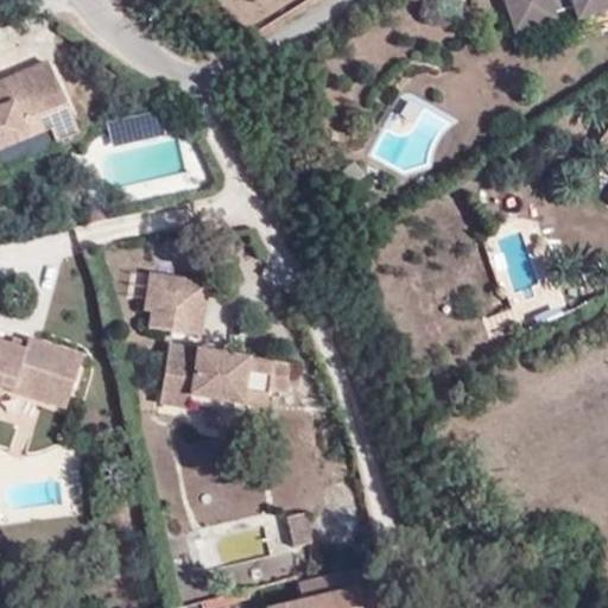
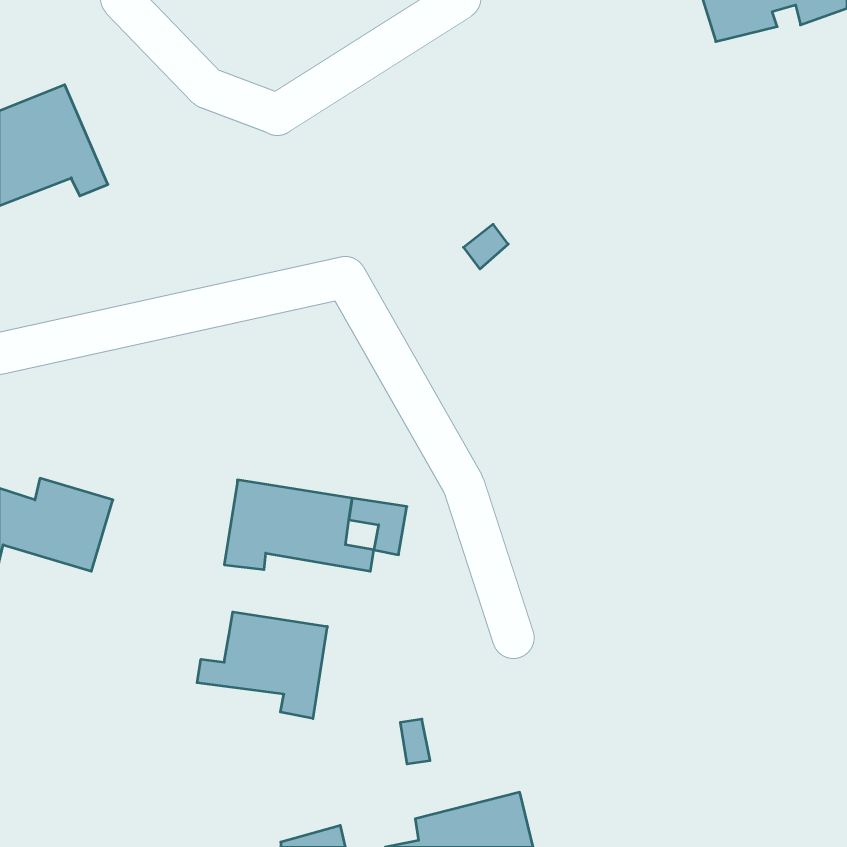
building: [144,272,210,335] -> none
building: none -> [197,612,327,719]

